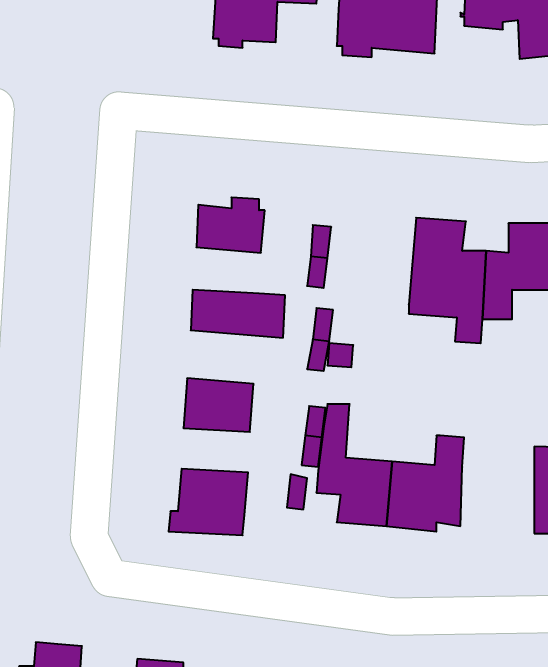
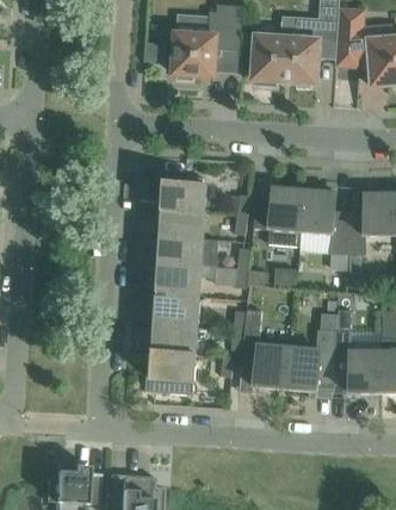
building: none -> [252,186,303,244]
building: none -> [159,207,203,237]
building: none -> [155,261,217,296]
building: none -> [332,317,379,392]
building: none -> [151,324,196,353]

